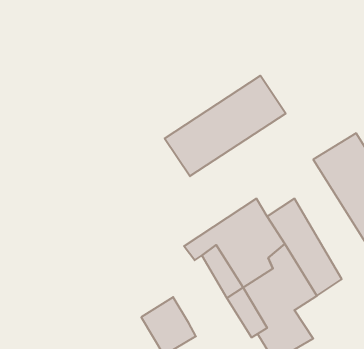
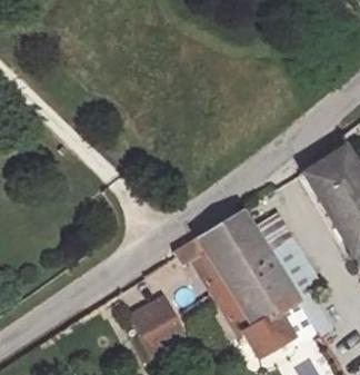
building: [165,76,286,176] -> none

